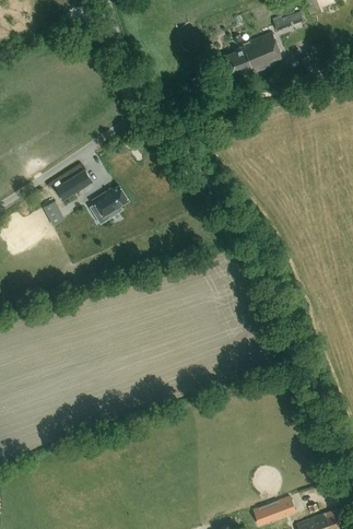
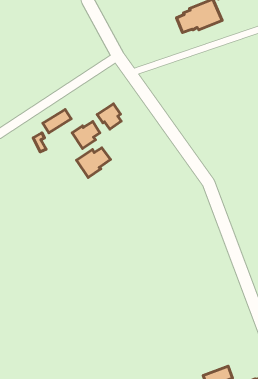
building: none -> [97,104,121,129]
building: none -> [77,148,110,177]

